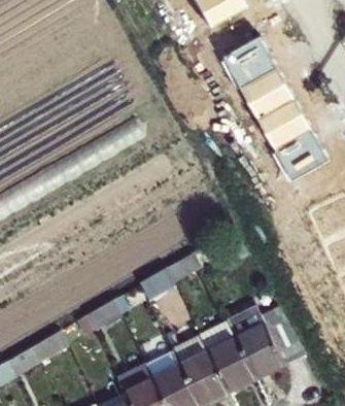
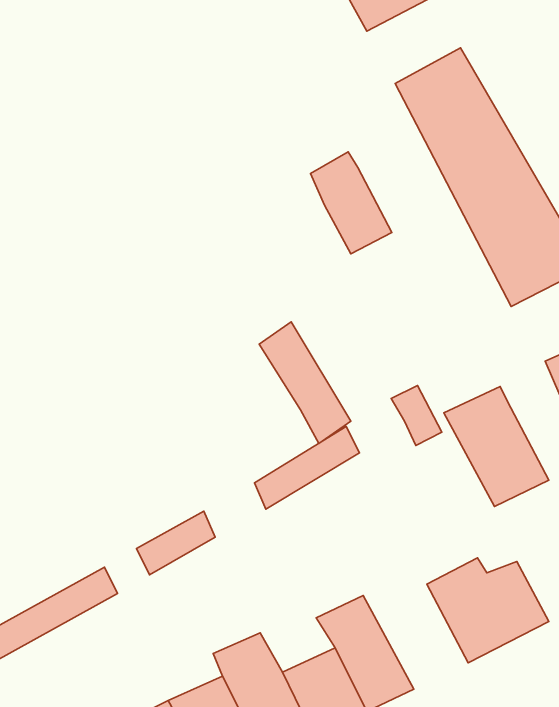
building: none -> [310,152,392,254]
building: none -> [259,322,351,444]
building: [208,326,266,392] -> [444,386,549,506]

